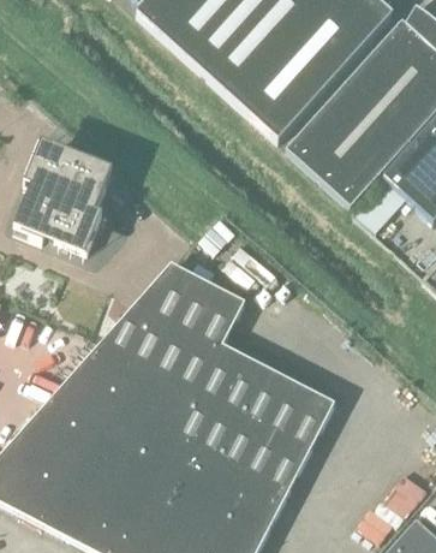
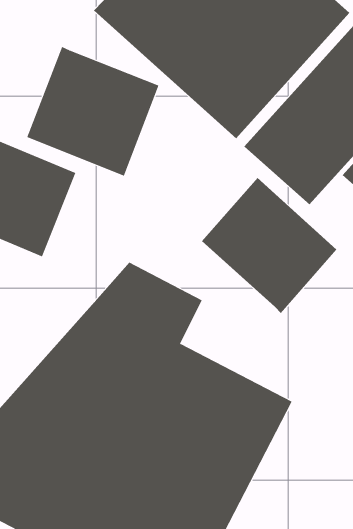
building: none -> [27,46,159,177]
building: none -> [201,177,337,314]

